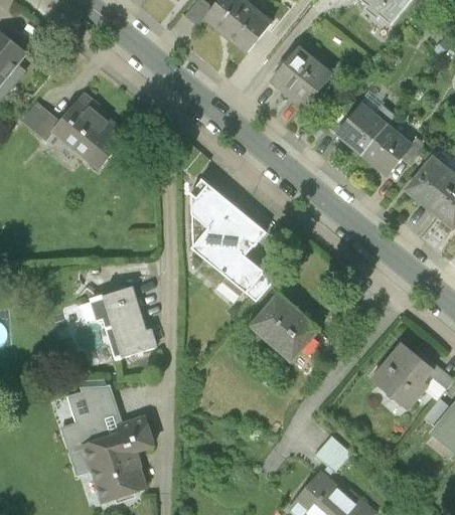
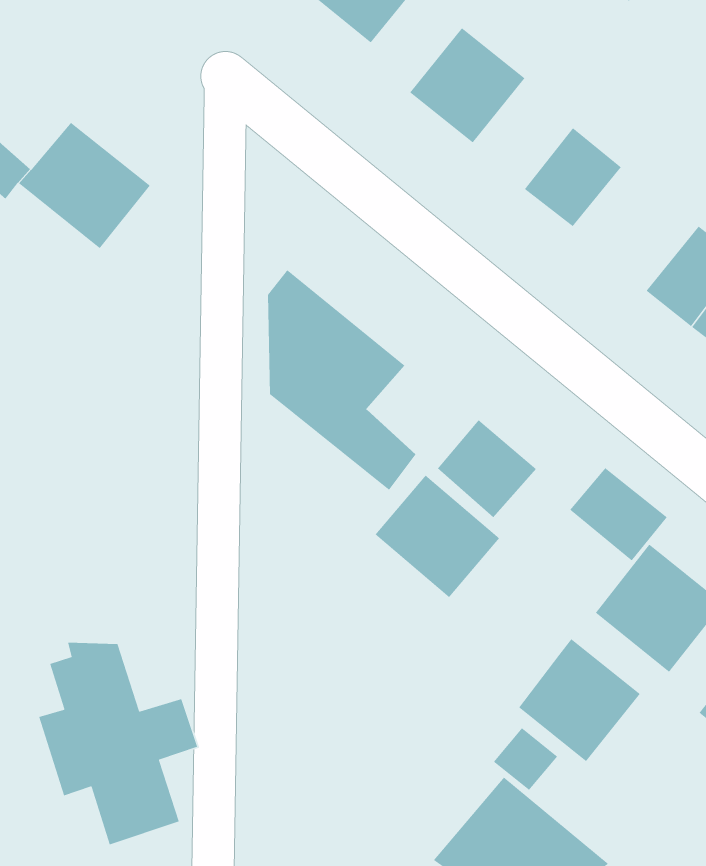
building: [360,124,415,178] -> none
building: none -> [437,419,537,518]
building: [91,288,157,359] -> none
building: none -> [569,467,668,562]
building: none -> [518,638,641,762]

